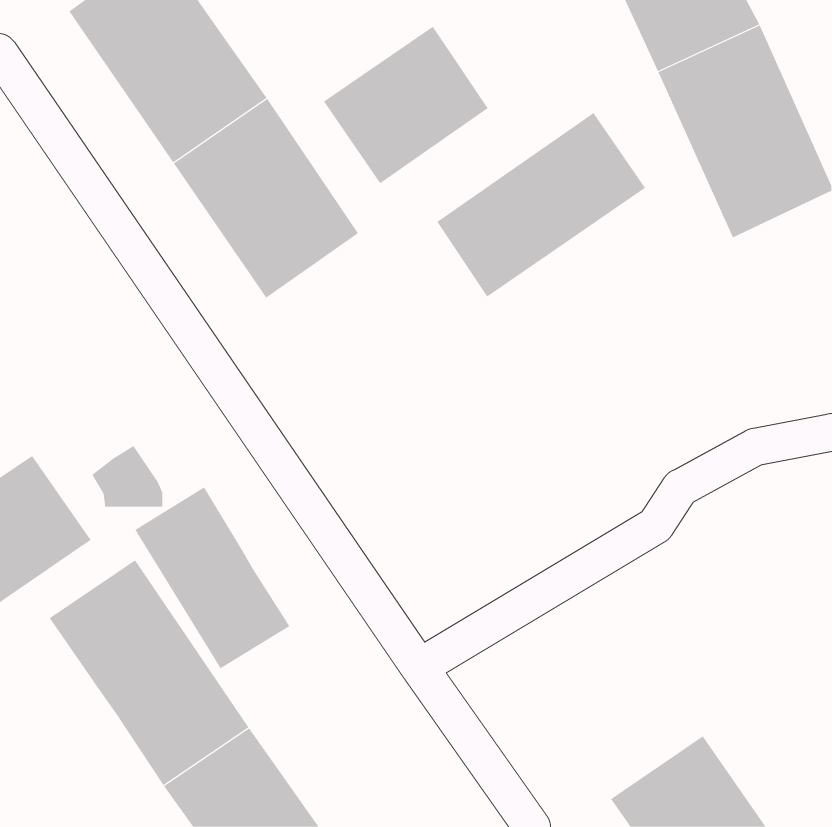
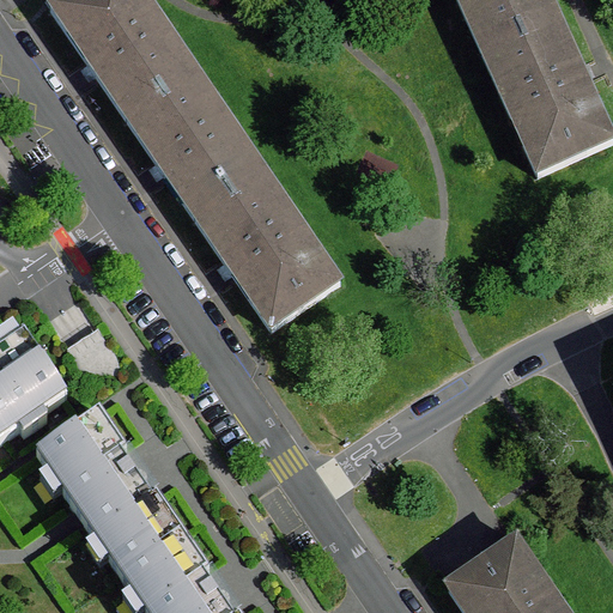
building: [323,26,488,184] -> none
building: [436,112,646,297] -> none
building: none -> [195,171,340,329]
building: [134,487,290,669] -> none

